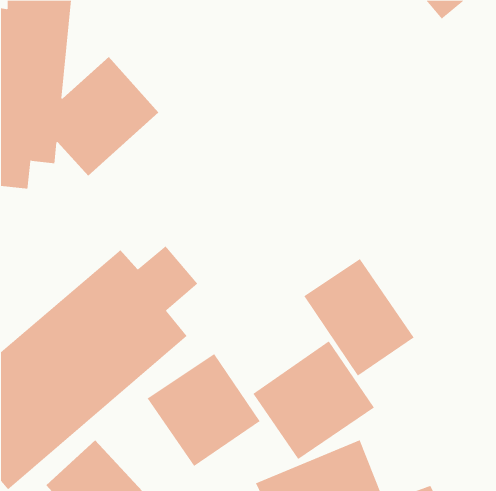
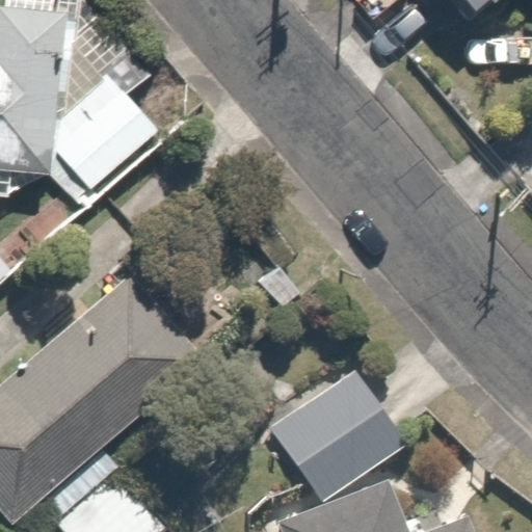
building: [304,258,414,377] -> none
building: [147,353,261,467] -> none

